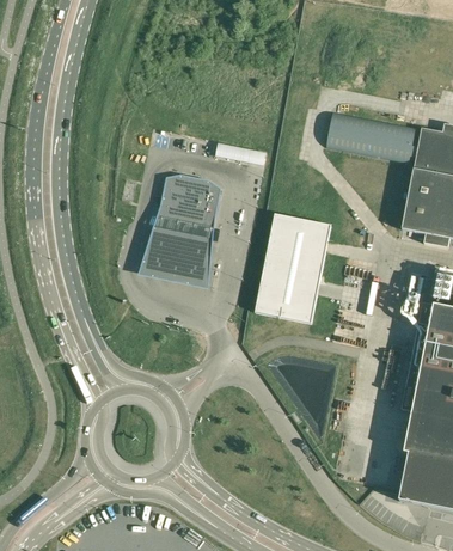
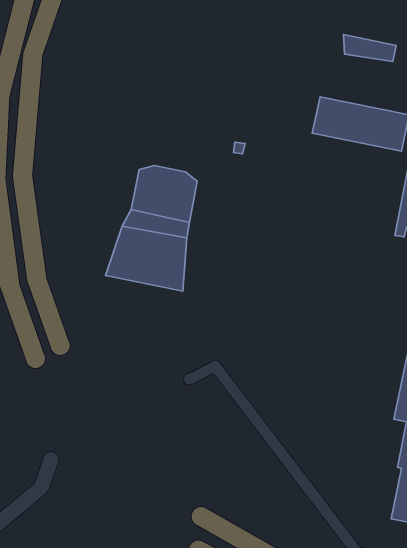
building: none -> [343,35,396,61]
building: [256,213,331,323] -> none

